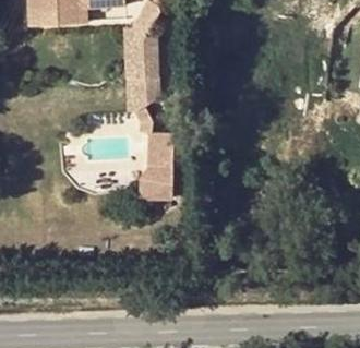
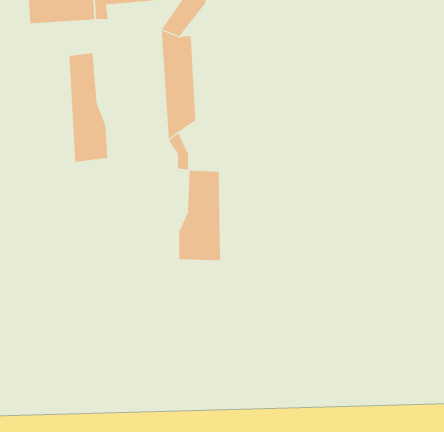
building: none -> [69,52,108,163]

